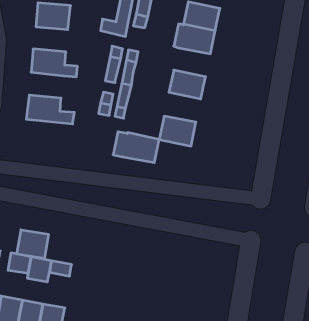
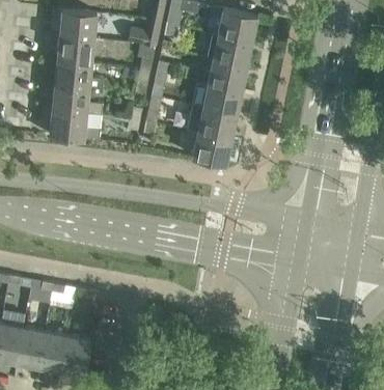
building: none -> [56,37,93,64]
building: none -> [208,60,247,91]
building: none -> [52,86,103,117]
building: [113,132,159,163] -> [187,107,237,140]
building: [17,230,48,259] -> none

